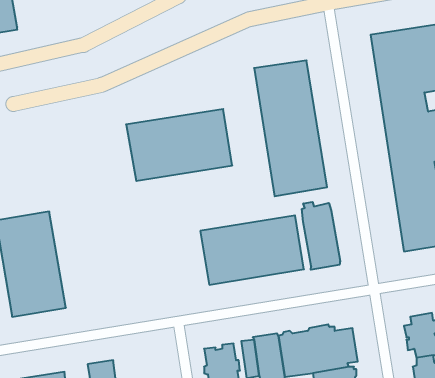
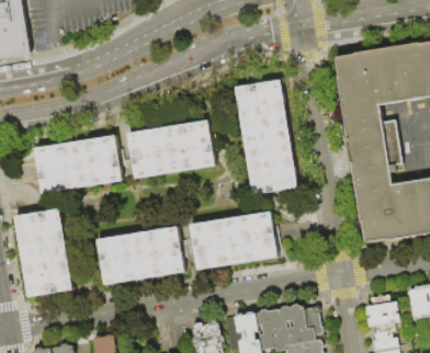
building: none -> [33,134,122,196]
building: [302,202,340,270] -> none
building: none -> [94,227,183,285]

